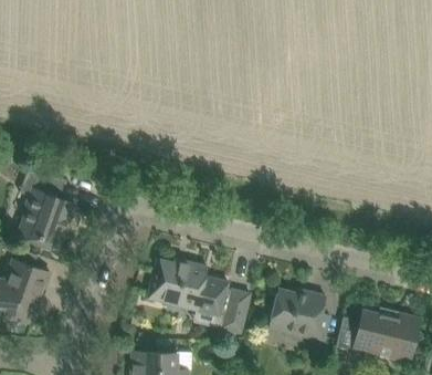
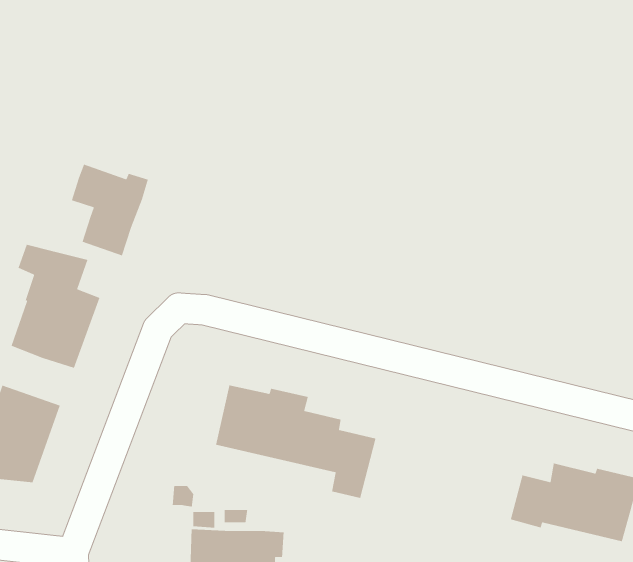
building: none -> [71,163,149,257]
building: [268,289,329,341] -> none

